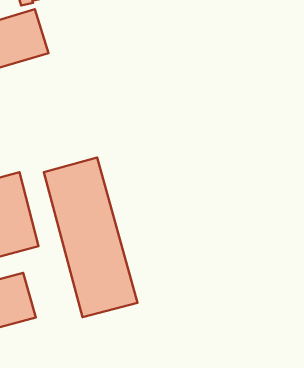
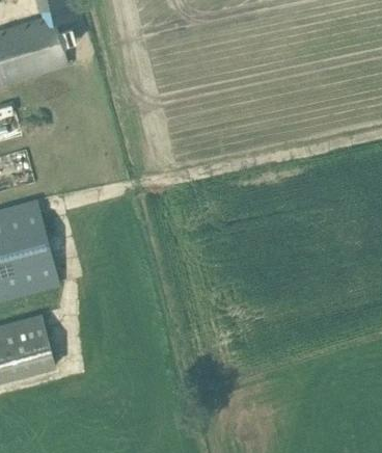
building: [44,158,137,317] -> none

